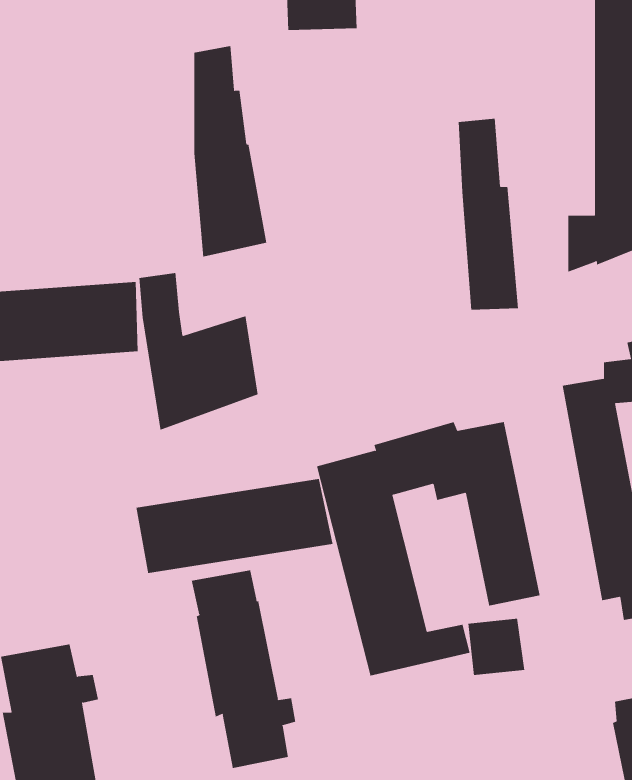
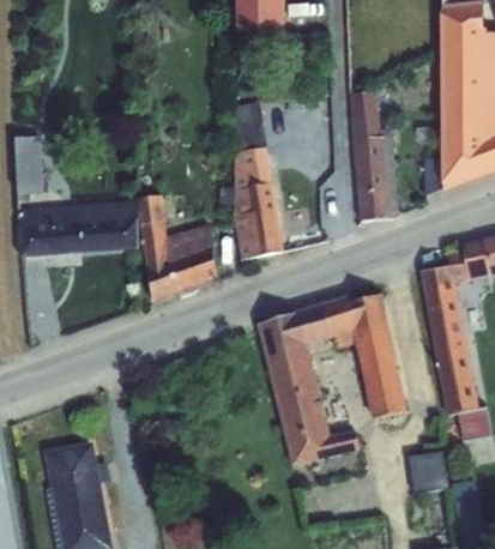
building: [193,45,267,257] -> [235,116,284,258]
building: [136,478,333,574] -> none
building: [191,569,296,769] -> none
building: [468,618,525,676] -> [410,460,448,499]

